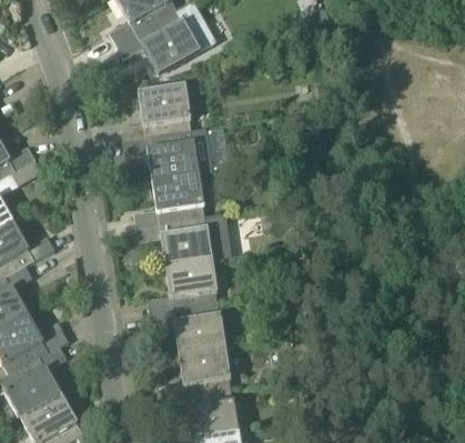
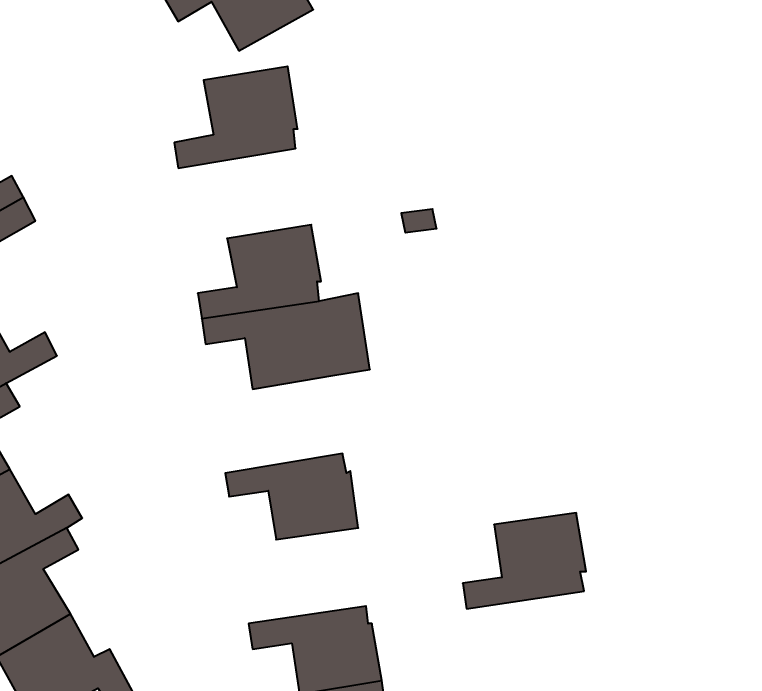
building: [124,127,215,181] -> none
building: [149,259,219,314] -> none
building: [162,345,232,400] -> [463,513,586,609]

